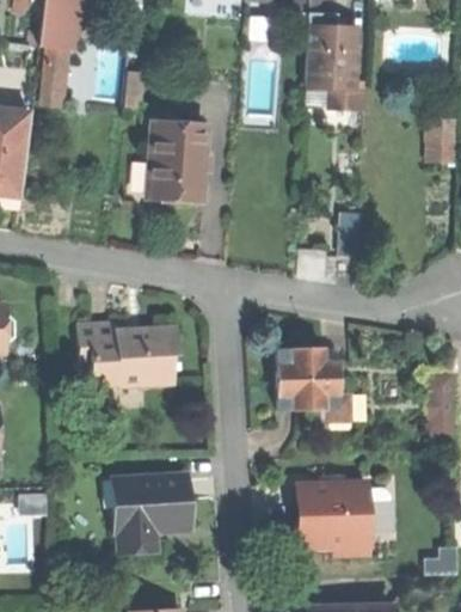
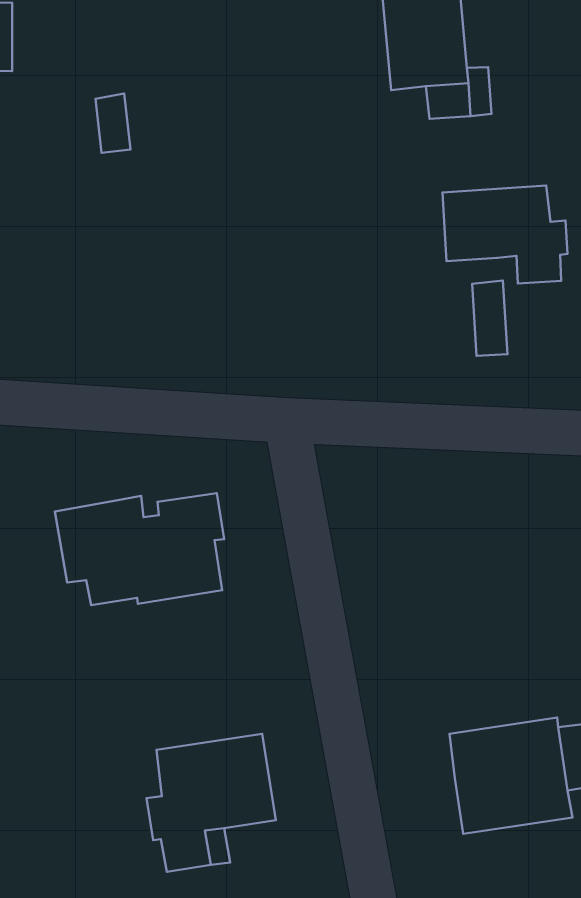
building: [148,122,205,202] -> none
building: none -> [442,185,568,283]
building: [275,345,349,421] -> none

